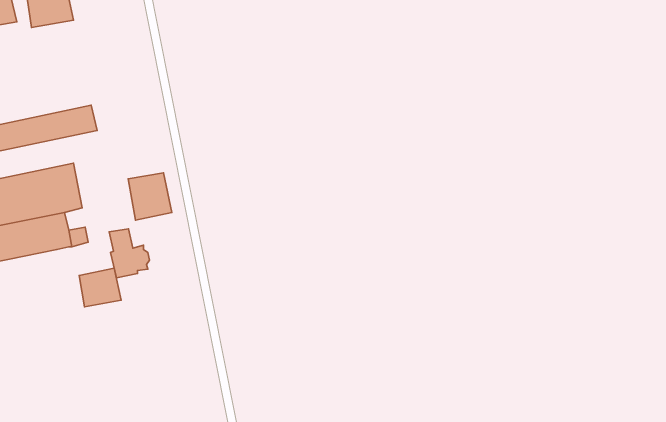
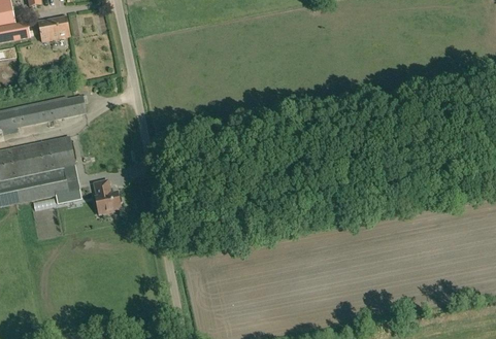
building: [128,173,172,220] -> none
building: [79,268,121,307] -> none

